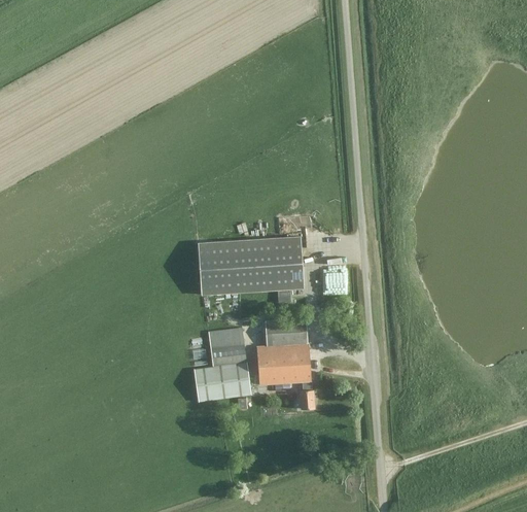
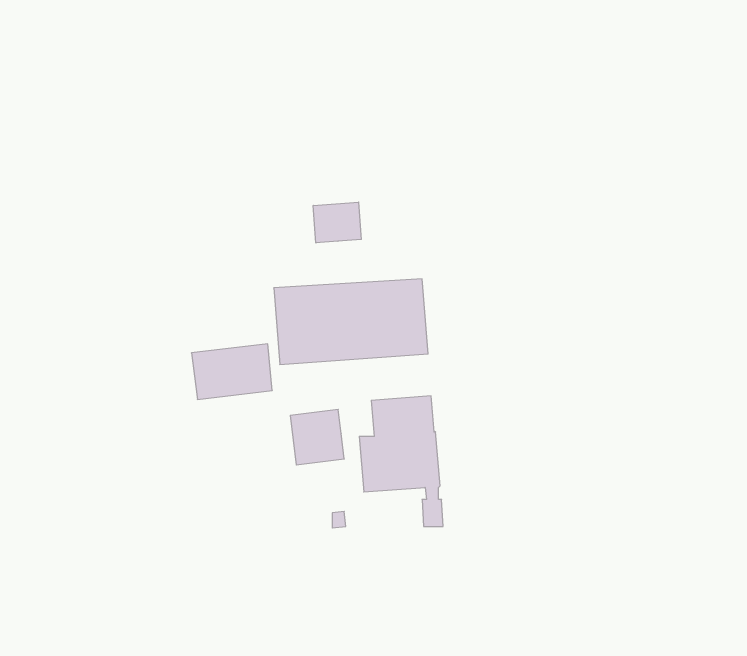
building: none -> [313,202,361,243]
building: [194,363,249,401] -> [191,344,272,399]

